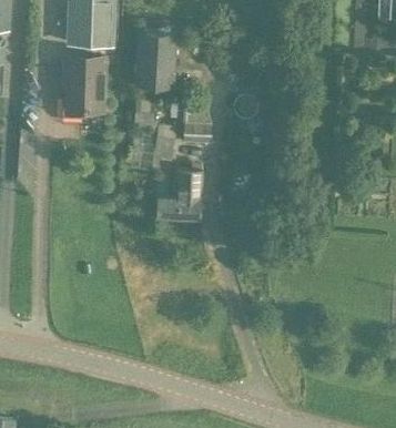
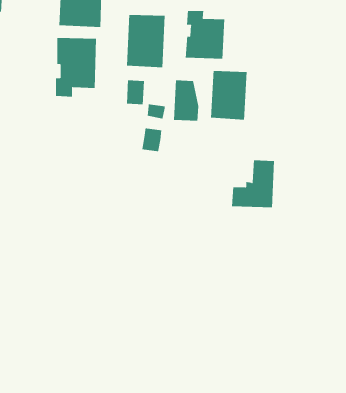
building: none -> [185,10,225,60]
building: none -> [211,70,247,120]
building: [155,171,200,220] -> [231,160,275,208]

